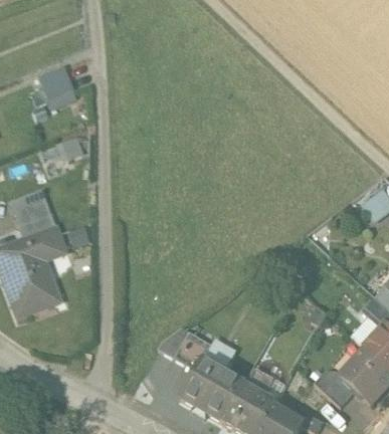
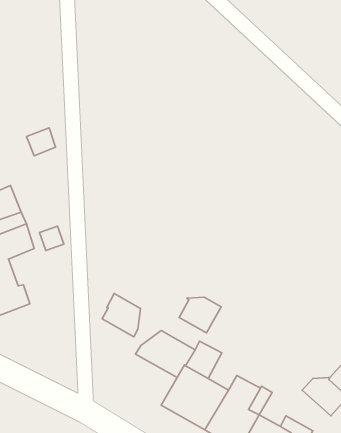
building: [37,67,72,99] -> none
building: none -> [102,294,140,337]
building: none -> [179,297,221,333]

